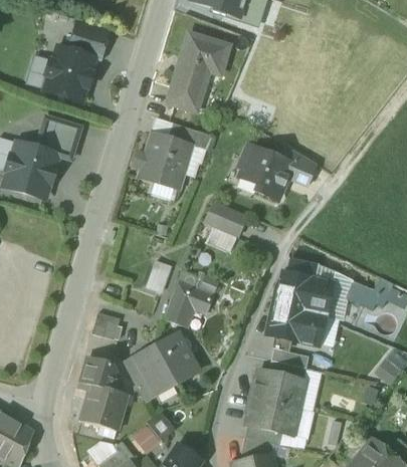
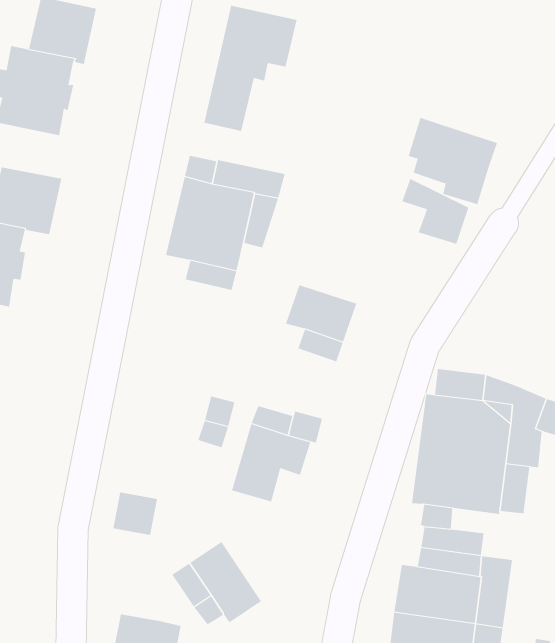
building: [238,146,291,200] -> [408,117,498,205]
building: [155,334,197,385] -> none
building: [79,359,119,392] -> none

